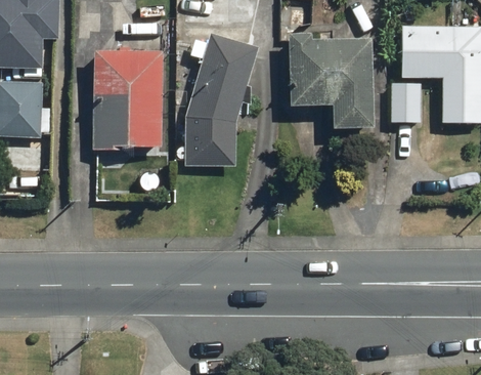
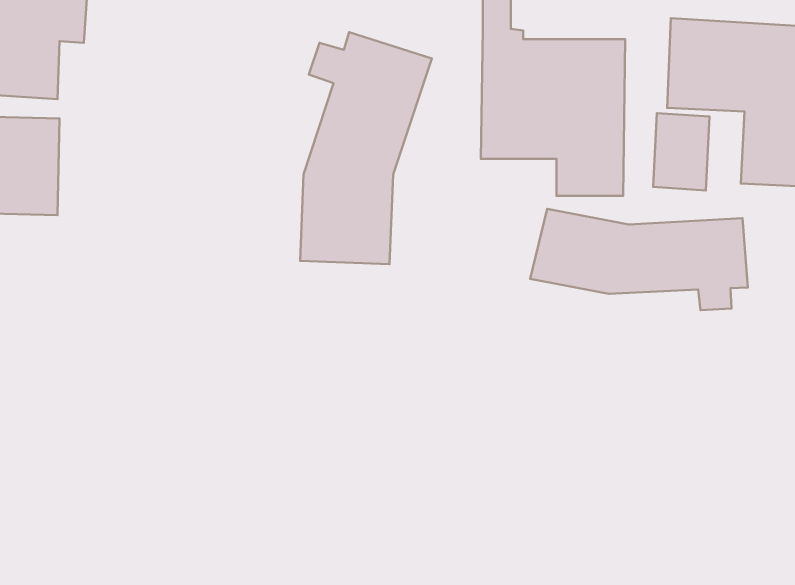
building: [94,50,164,148] -> none
building: none -> [530,209,748,310]

